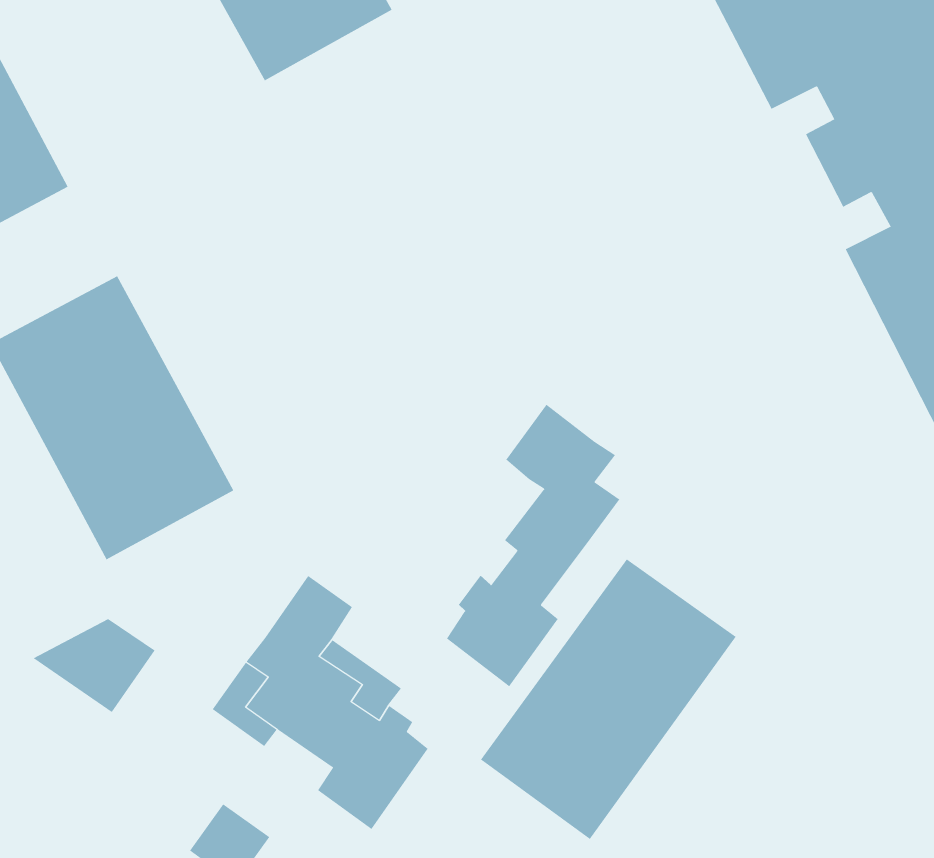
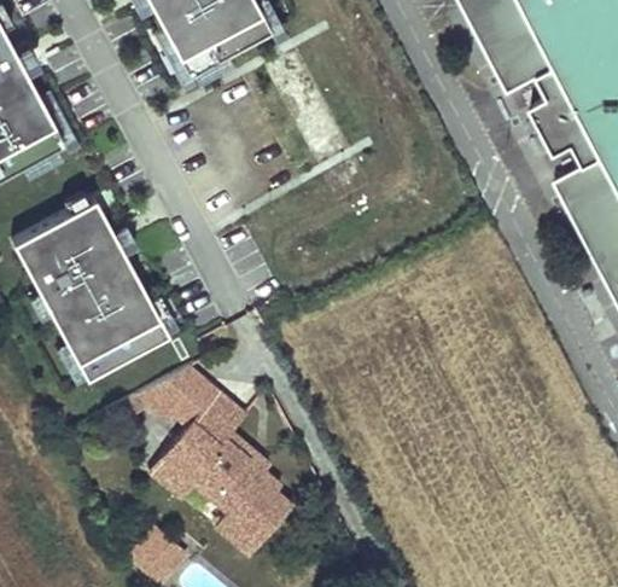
building: [446,404,620,687] -> none
building: [480,558,737,840] -> none
building: [33,619,155,713] -> [134,366,212,426]

